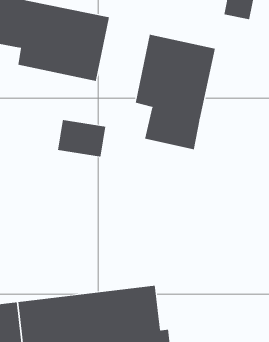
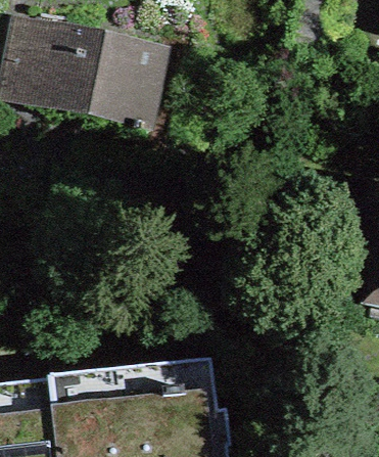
building: [135,34,216,150] -> none

